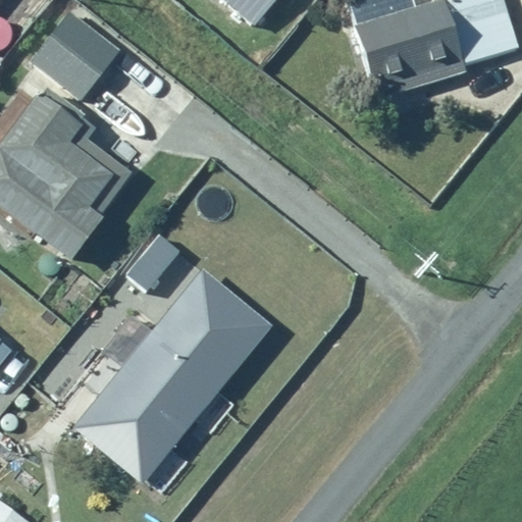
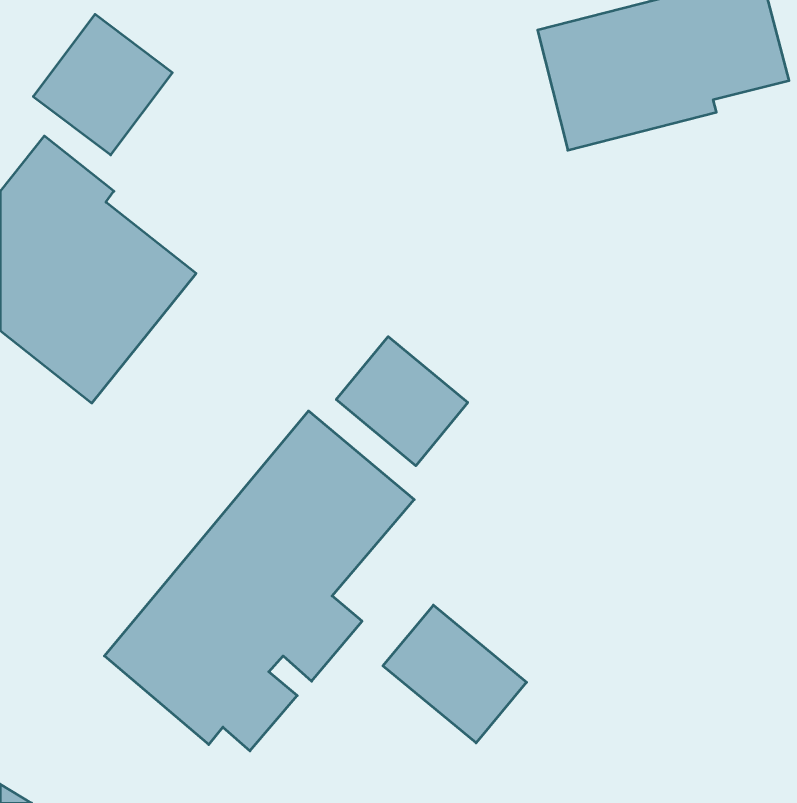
building: none -> [336,337,468,466]
building: none -> [383,605,527,743]

